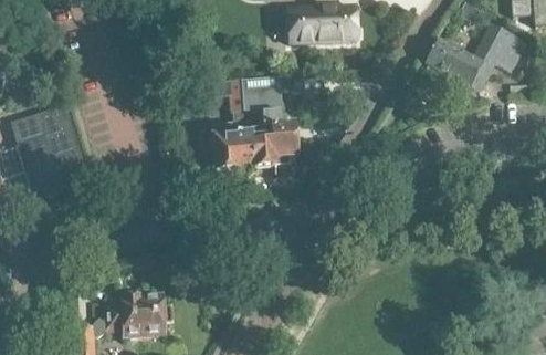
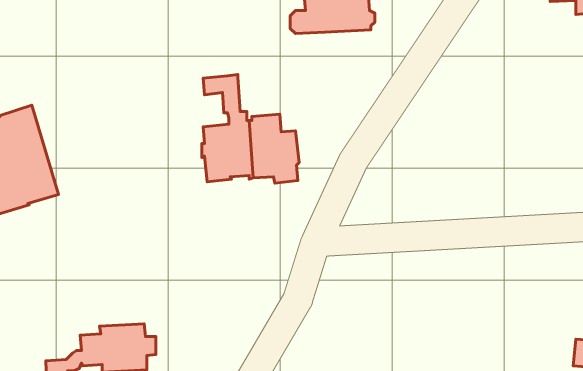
building: [428,22,526,90] -> none
building: [243,77,283,109] -> none

